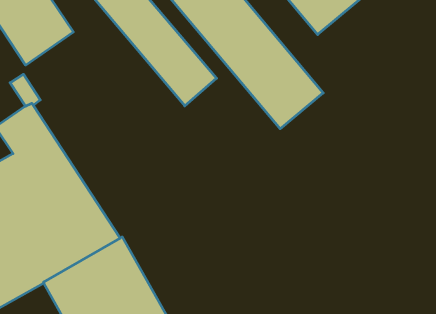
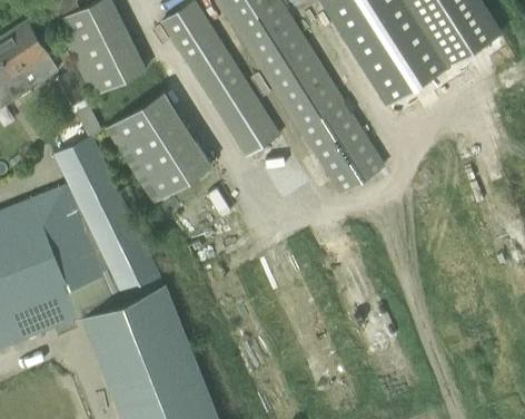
building: none -> [106,88,215,203]

